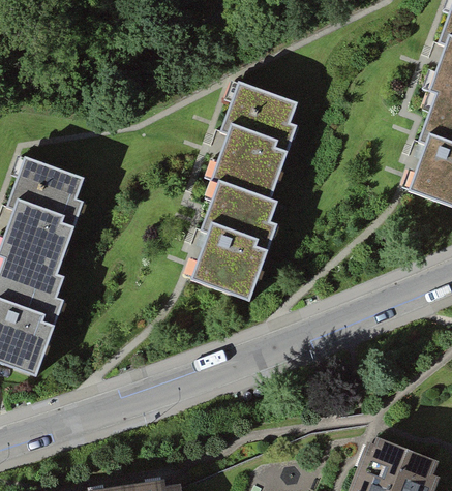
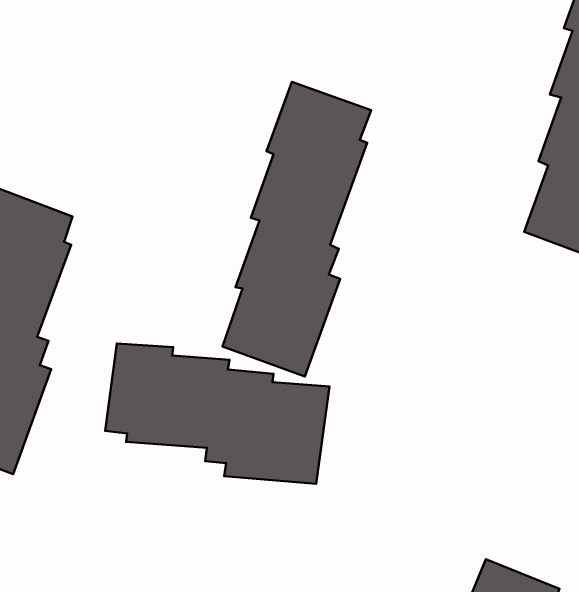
building: none -> [105,343,330,484]

